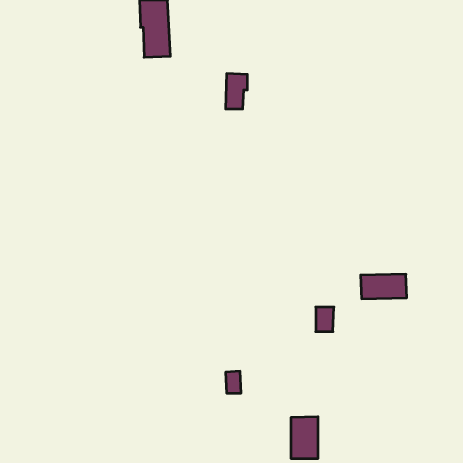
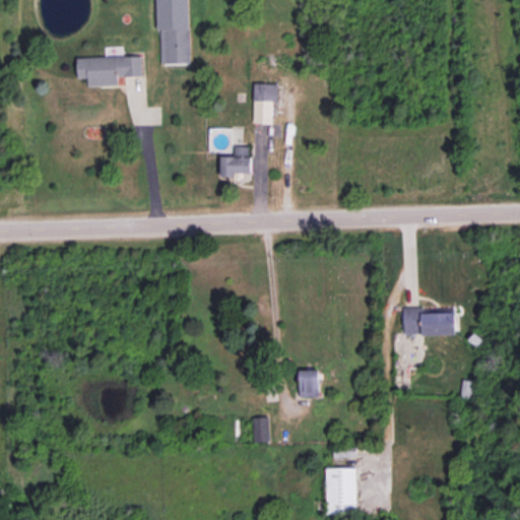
building: none -> [77,56,142,86]
building: none -> [220,147,251,176]
building: [316,307,334,332] -> [300,370,320,397]

